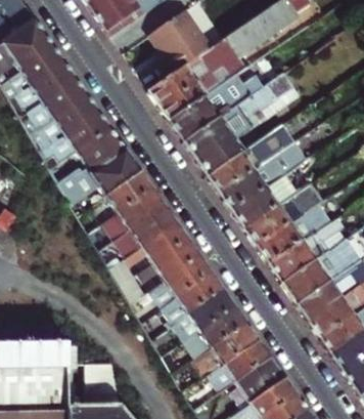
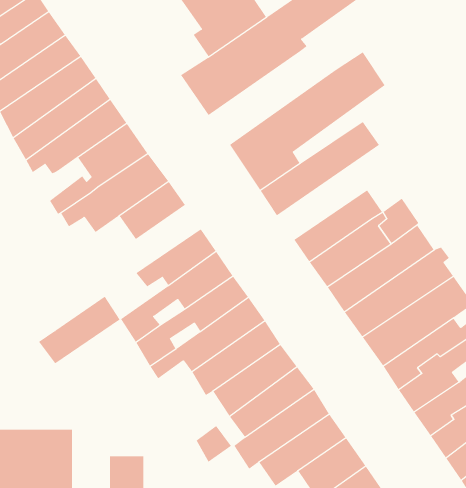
building: [170,73,263,141] -> none
building: [220,141,308,211] -> none
building: [104,185,165,236] -> [38,296,121,364]

